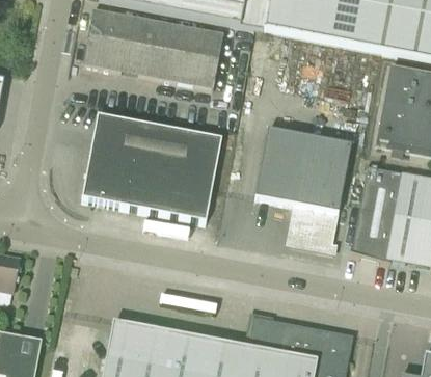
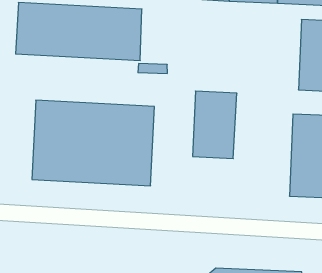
building: [291,135,351,247] -> none

